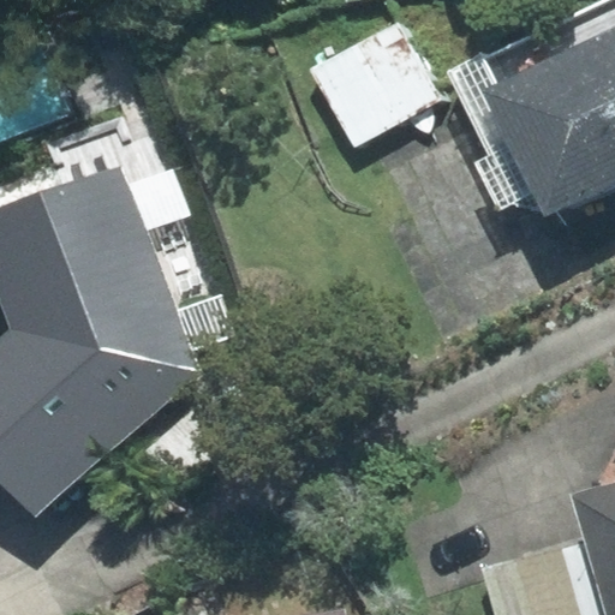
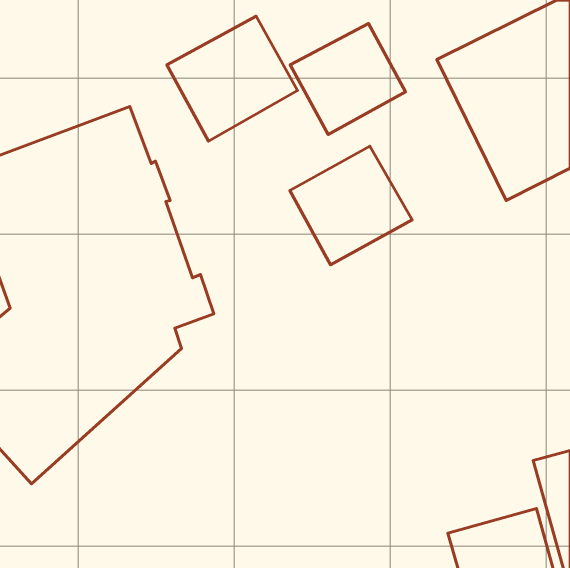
building: none -> [167,16,298,141]
building: none -> [290,146,412,265]

